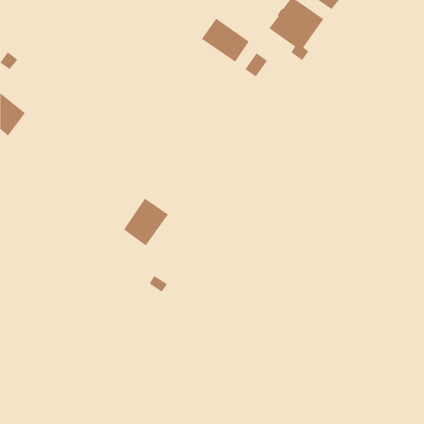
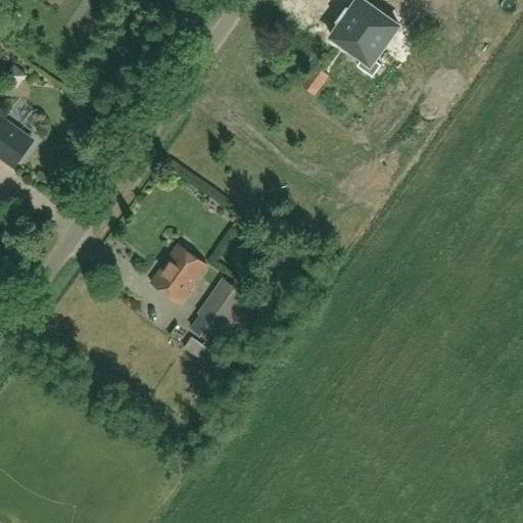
building: [201,18,249,62] -> none
building: none -> [193,278,246,346]

